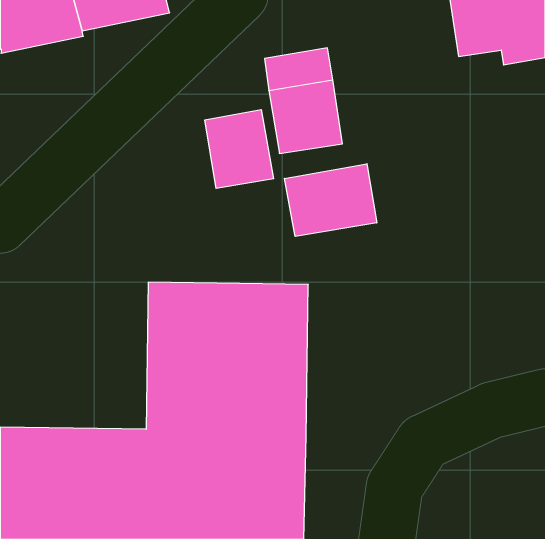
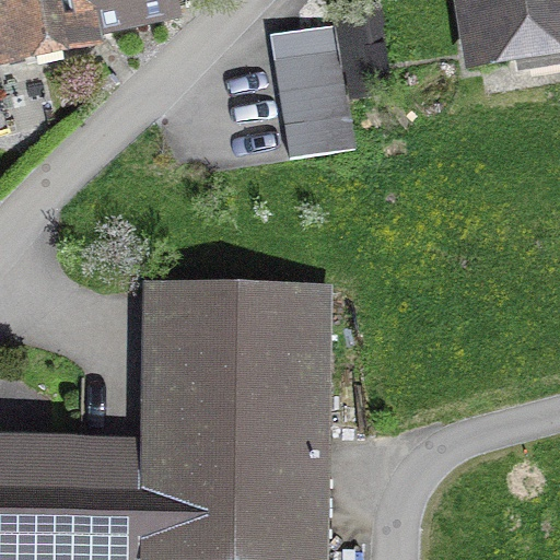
building: [205,110,274,188] -> none
building: [284,164,377,236] -> none

